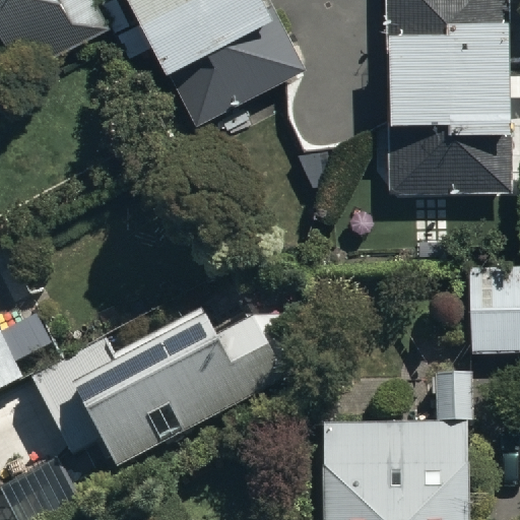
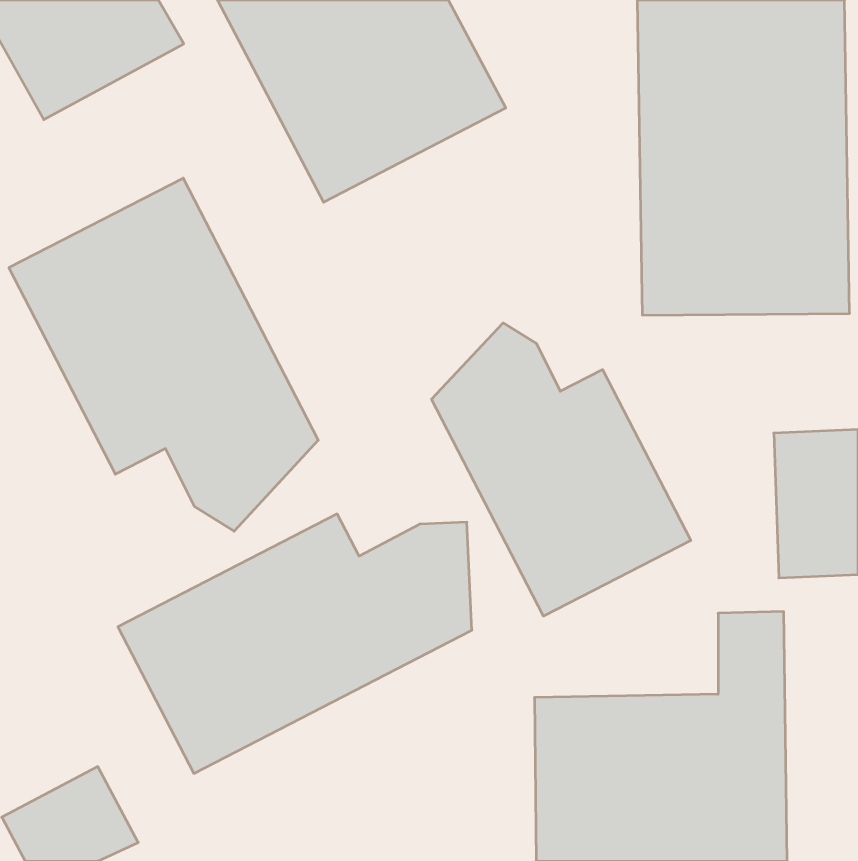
building: none -> [9,178,318,531]
building: none -> [432,323,691,616]

